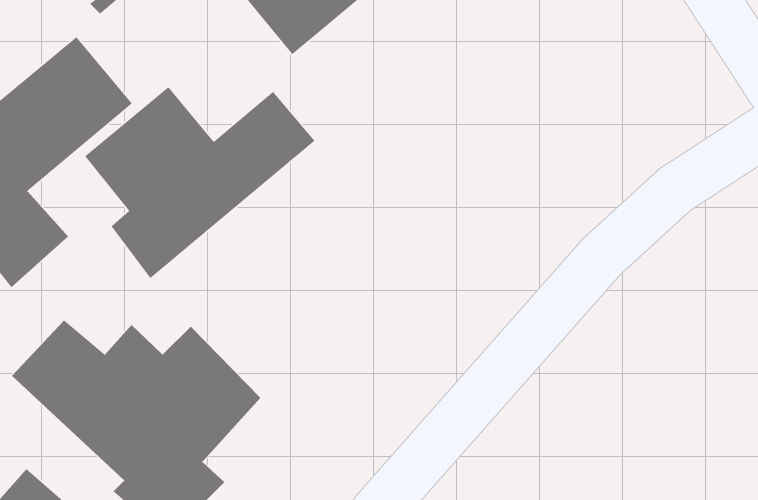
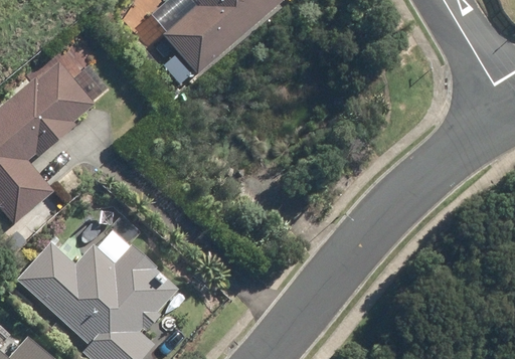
building: [84,86,316,279] -> none

